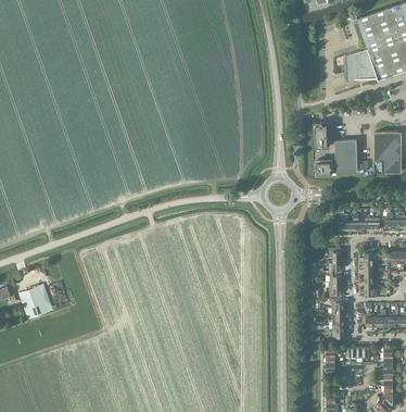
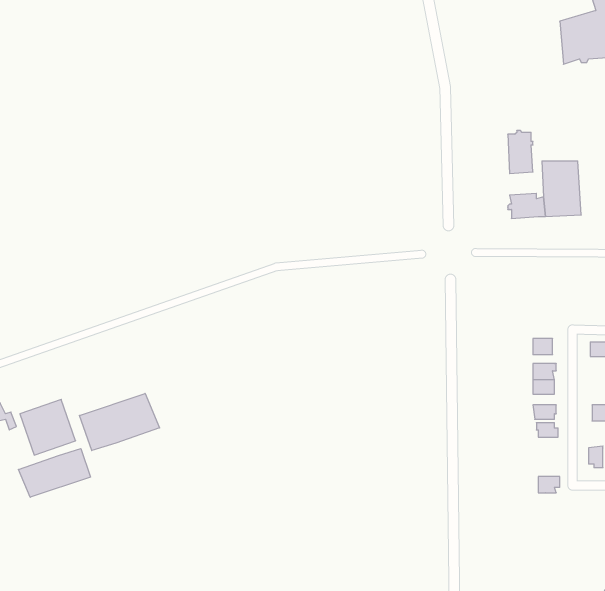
building: none -> [79,393,160,451]
building: none -> [18,449,91,497]

